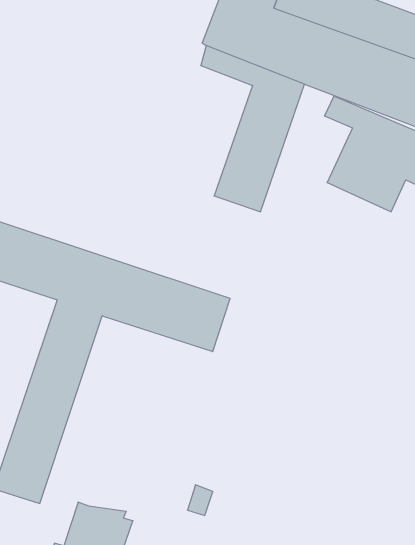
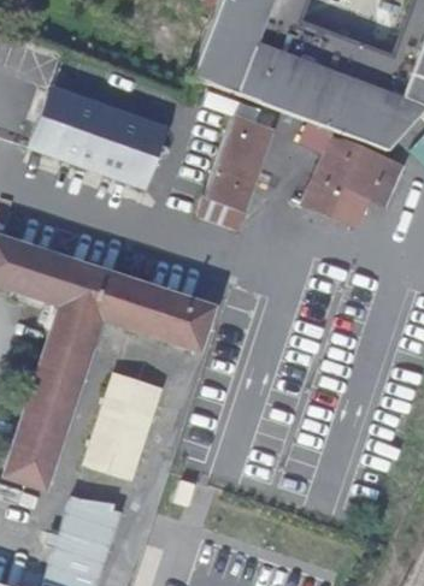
building: none -> [28,84,167,185]
building: none -> [87,368,164,474]

